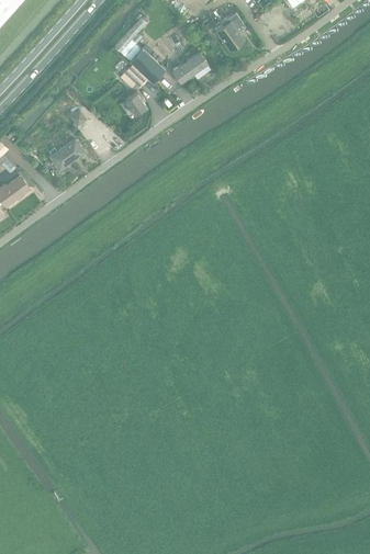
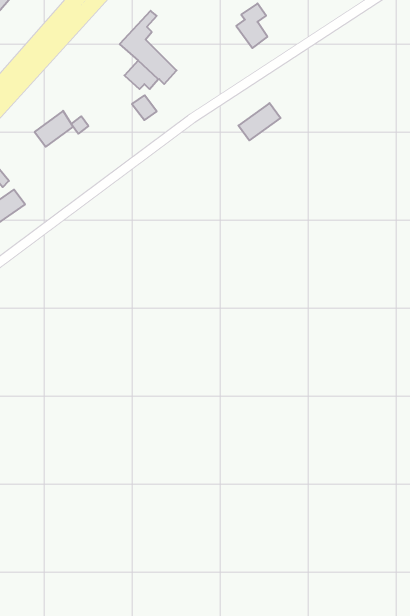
building: [171,52,209,84] -> [238,103,281,140]
building: [48,137,82,169] -> [35,111,73,147]

